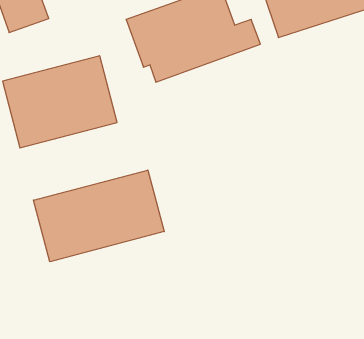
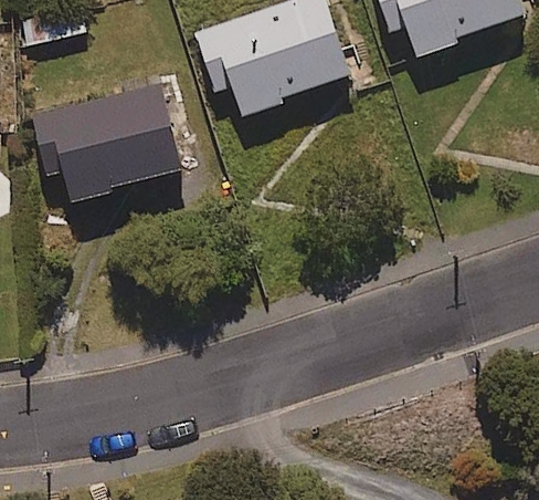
building: [33,170,164,262] -> none

